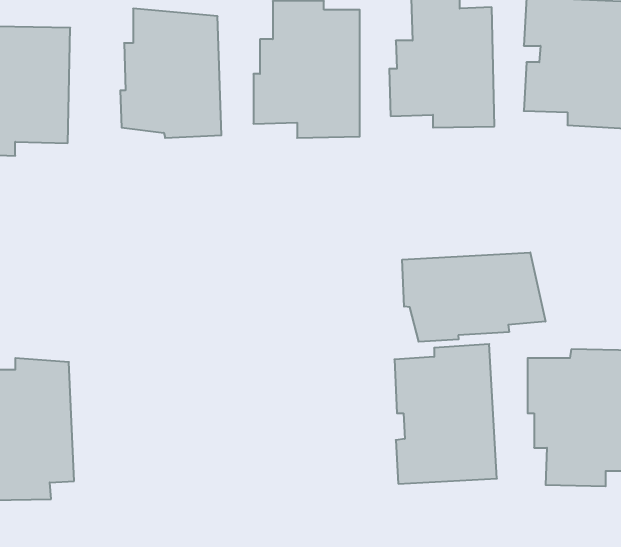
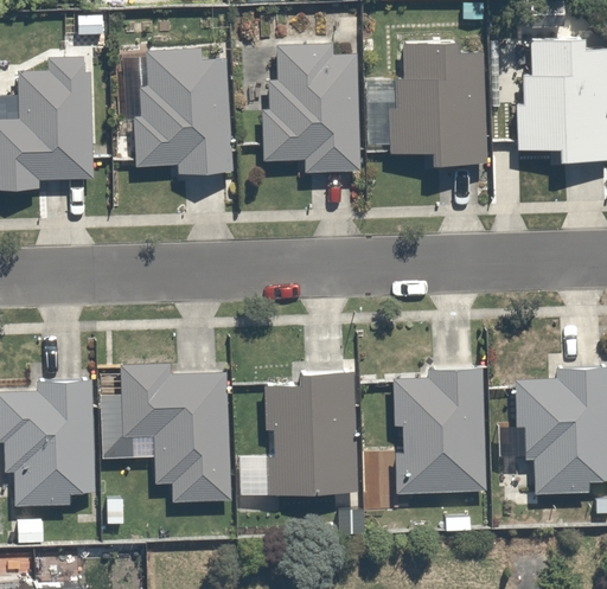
building: [402,252,545,342] -> none
building: none -> [120,363,226,500]
building: none -> [262,369,359,495]

